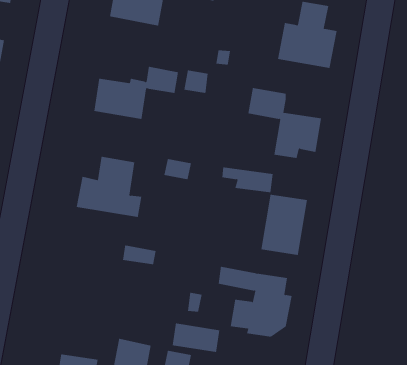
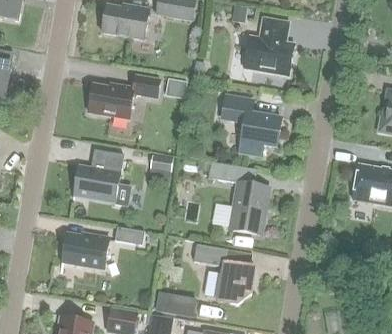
building: none -> [62,233,109,268]

